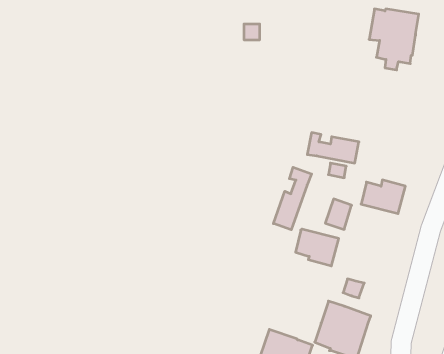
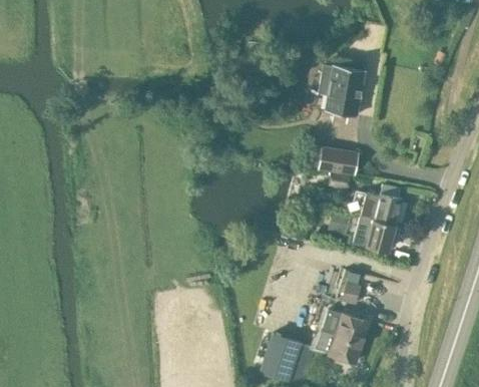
building: [369,9,419,70] -> [317,65,364,123]
building: [273,167,312,230] -> none
building: [296,229,339,266] -> [354,215,395,250]

